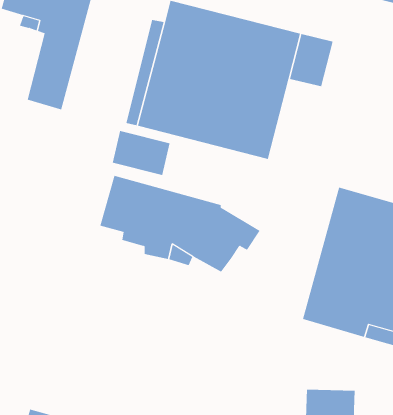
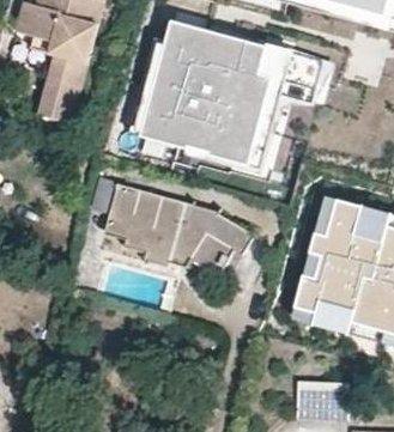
building: [112,130,170,176] -> none

